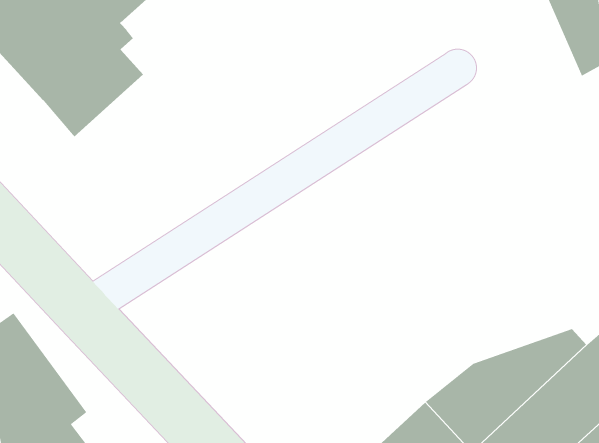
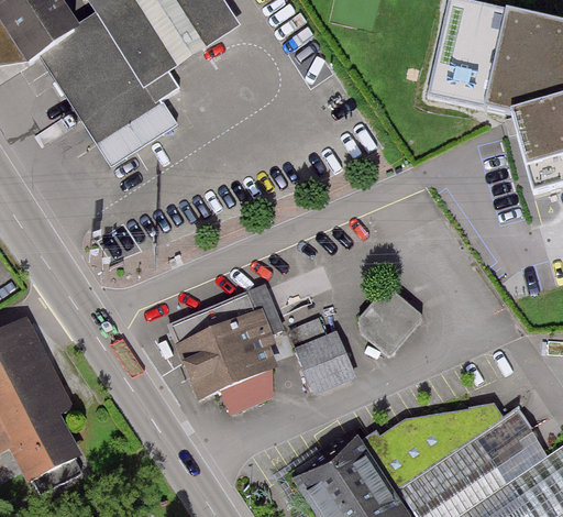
building: none -> [364,285,429,353]
building: none -> [164,290,290,420]
building: none -> [286,310,357,395]

